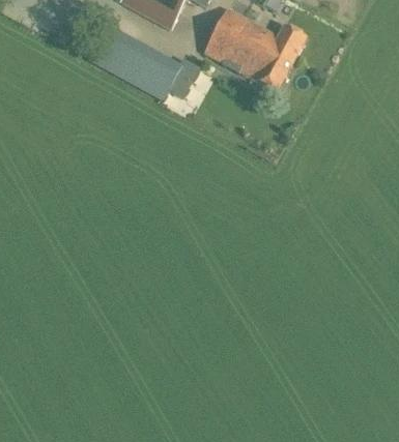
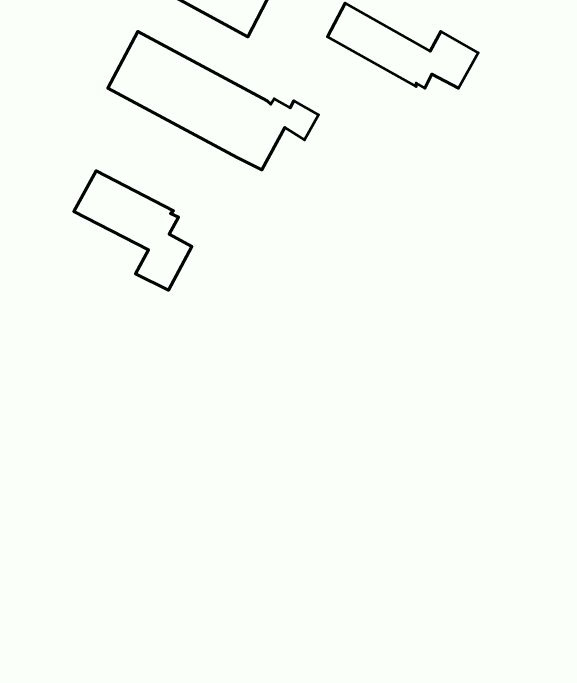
building: [204,27,293,90] -> none
building: none -> [74,171,192,290]

